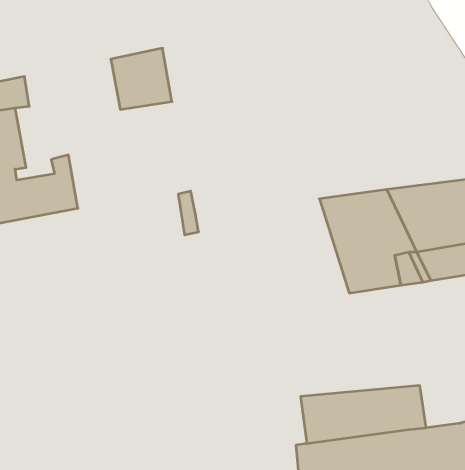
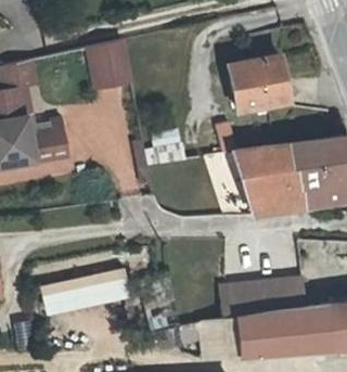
building: none -> [230,54,291,110]
building: none -> [43,270,131,311]

